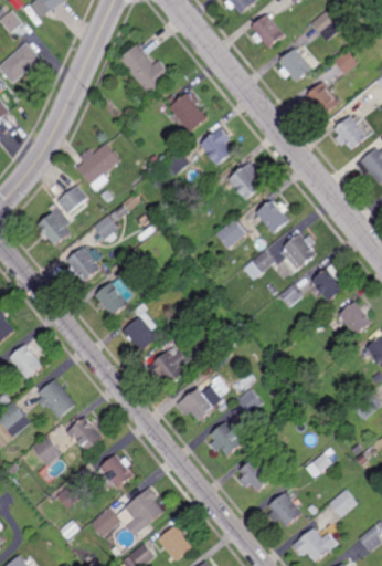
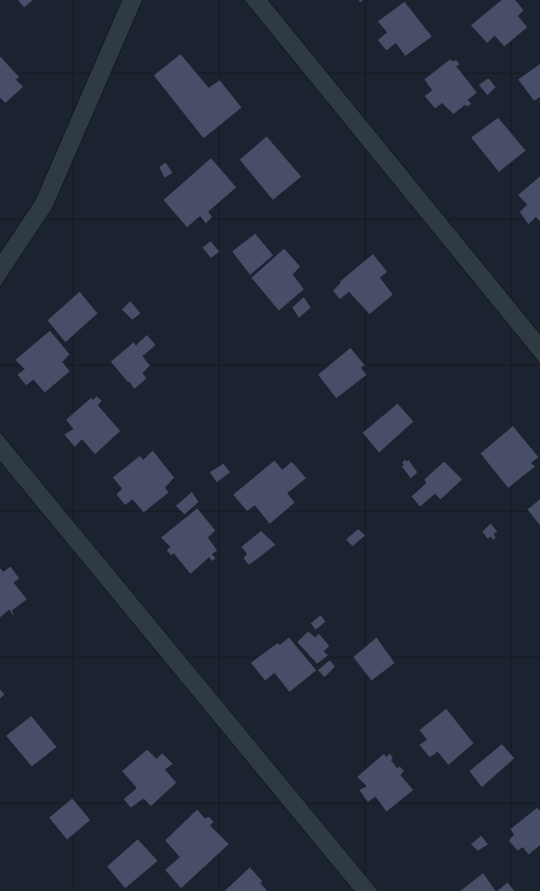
building: [200,126,232,164] -> [251,248,305,312]
building: [75,142,119,184] -> [162,157,237,228]
building: [253,198,288,233] -> none
building: [280,232,317,273] -> none
building: [147,346,191,385] -> [232,459,307,525]
building: [38,378,75,418] -> none
building: [66,417,102,451] -> none
building: [209,421,243,455] -> none
building: [268,493,301,527] -> [418,708,474,766]

